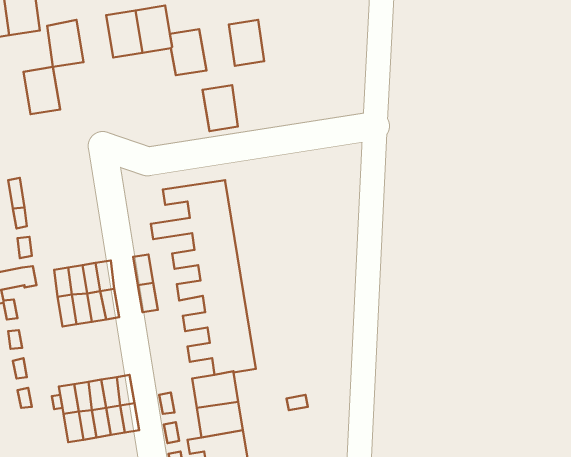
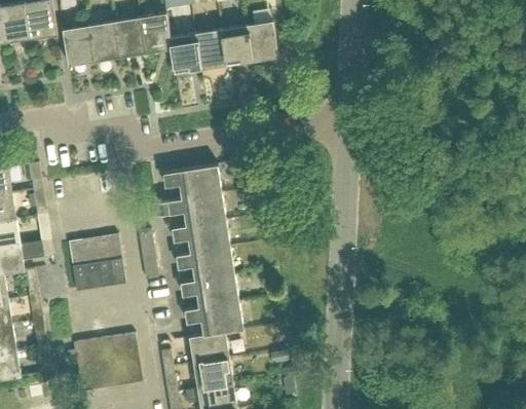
building: none -> [246,21,277,61]
building: [23,67,60,114] -> [87,21,119,62]
building: [203,85,238,131] -> [194,29,225,69]

